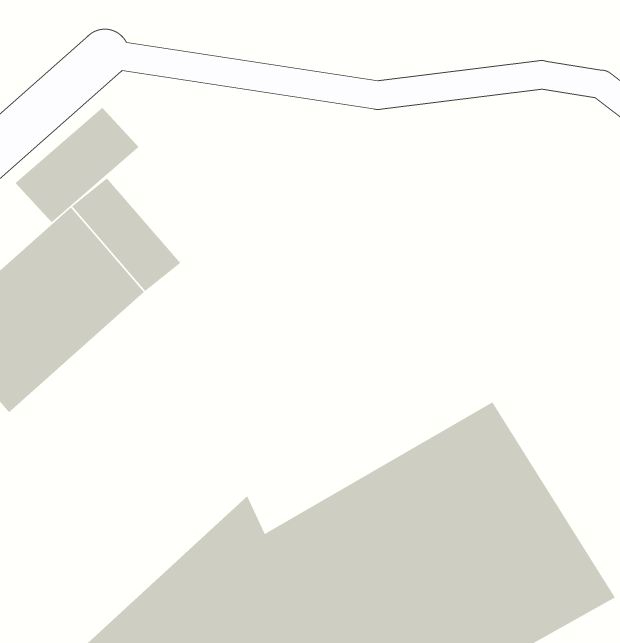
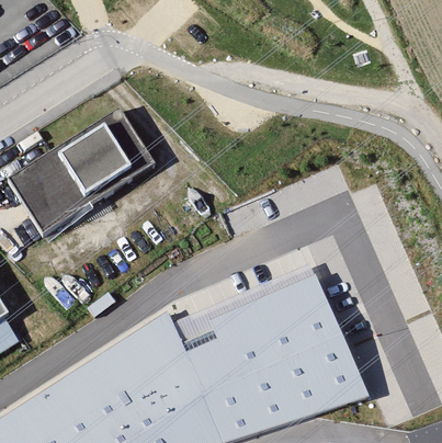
building: [15,107,140,223] -> none

